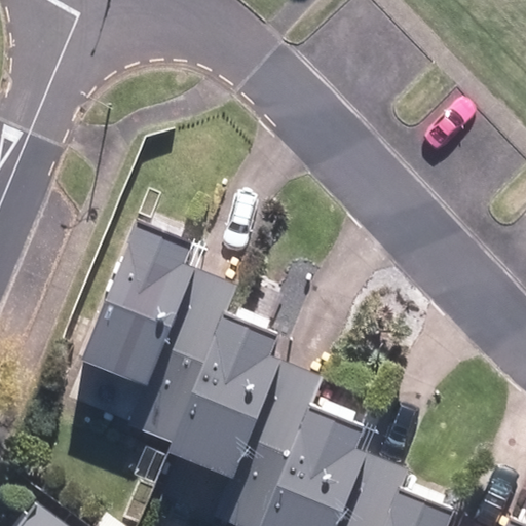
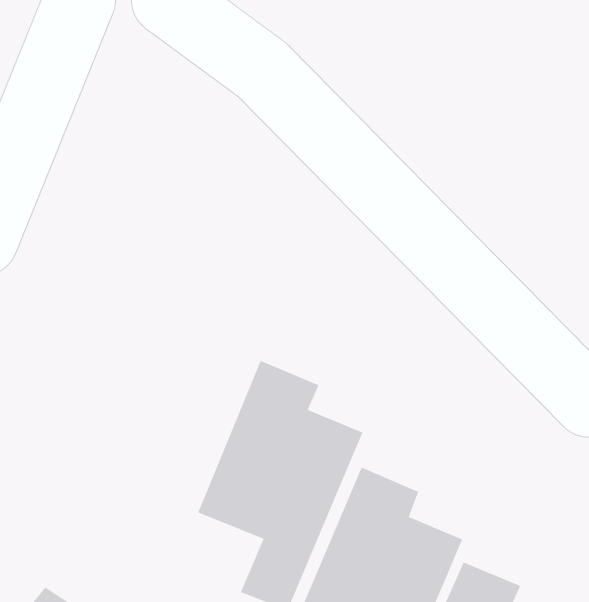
building: [86,225,230,445] -> none

